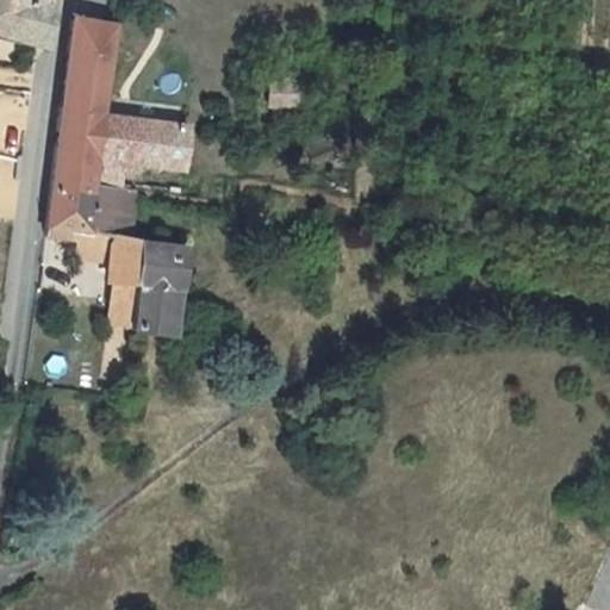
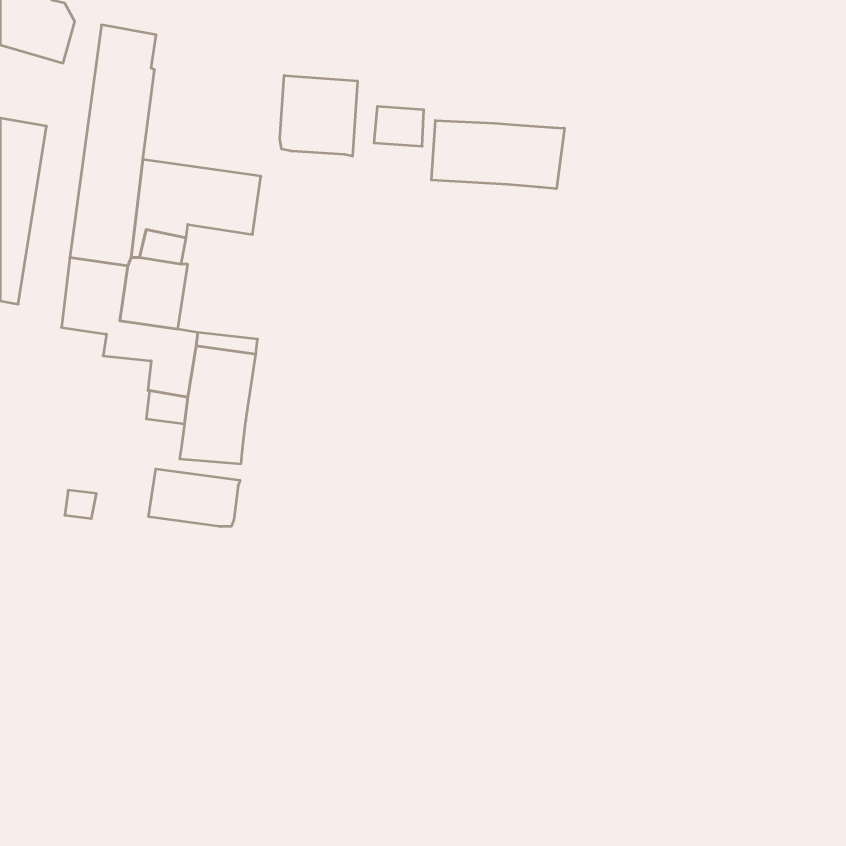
building: none -> [280,75,357,156]
building: none -> [431,120,564,189]
building: none -> [149,469,240,527]

